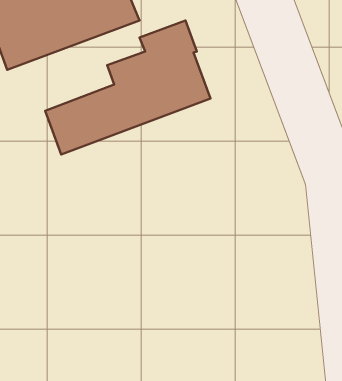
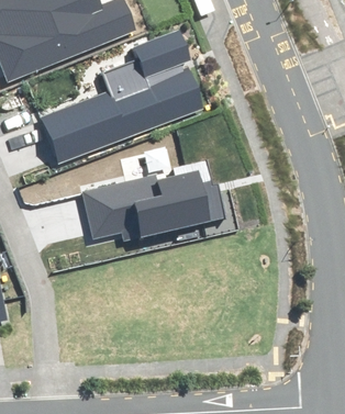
building: none -> [82,161,224,240]

